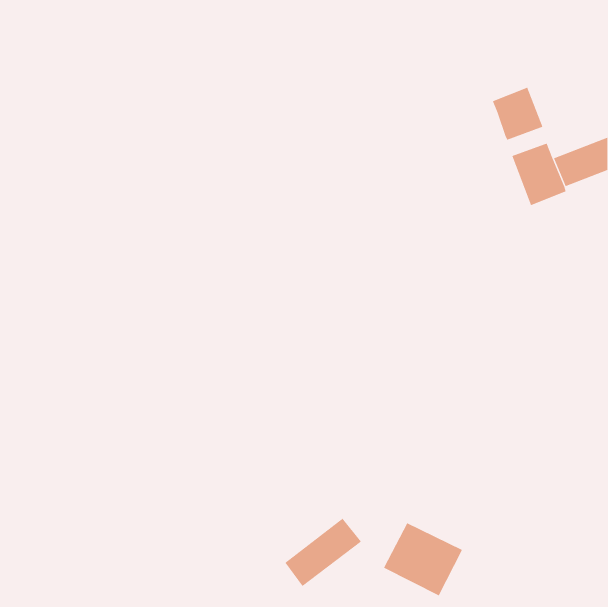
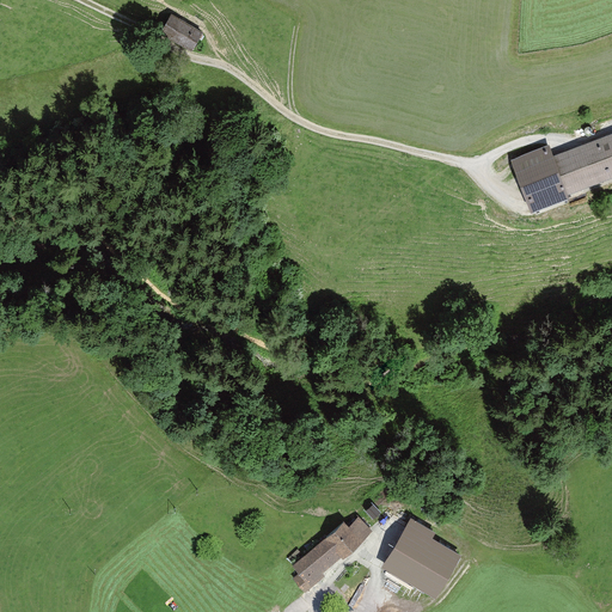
building: none -> [160,12,202,49]
building: [492,87,543,140] -> none

